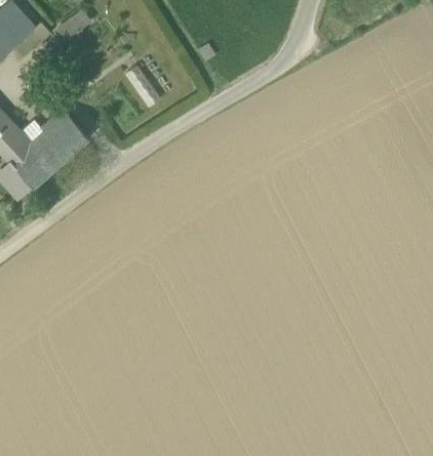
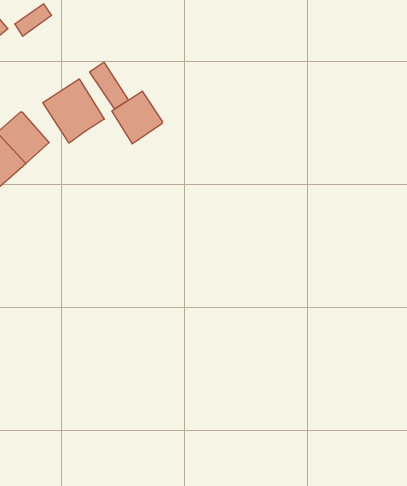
building: none -> [43,79,104,143]
building: none -> [112,91,163,144]

